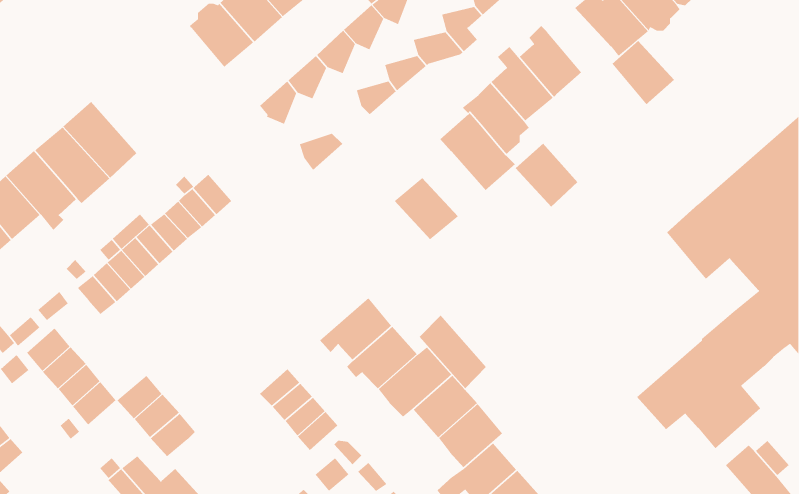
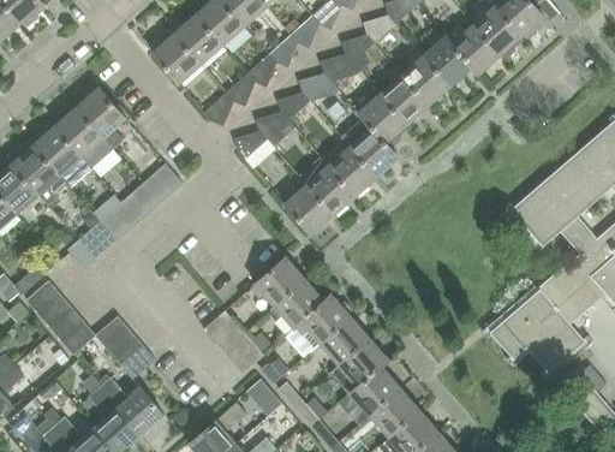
building: [611,40,675,105] -> [422,37,470,87]
building: none -> [76,89,125,148]
building: none -> [255,112,294,149]
building: [515,143,578,208] -> [327,147,375,196]
building: none -> [283,179,333,234]
building: [419,315,487,389] -> none

